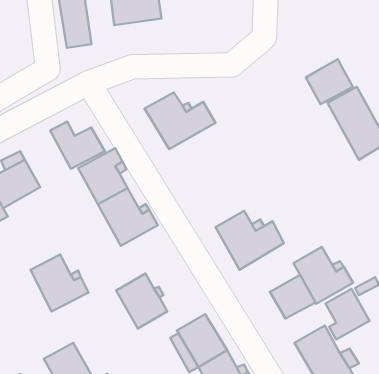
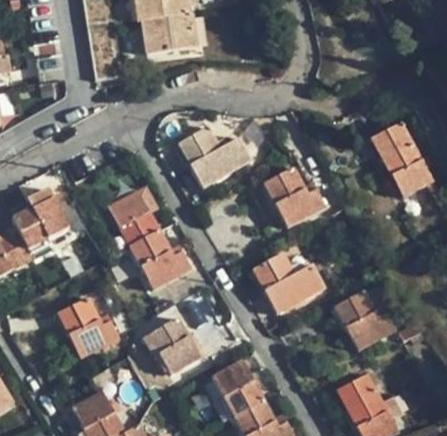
building: [306,59,353,104] -> none
building: [50,122,105,169] -> none
building: none -> [263,167,326,227]
building: [270,275,315,319] -> none
building: [326,289,370,340] -> none

